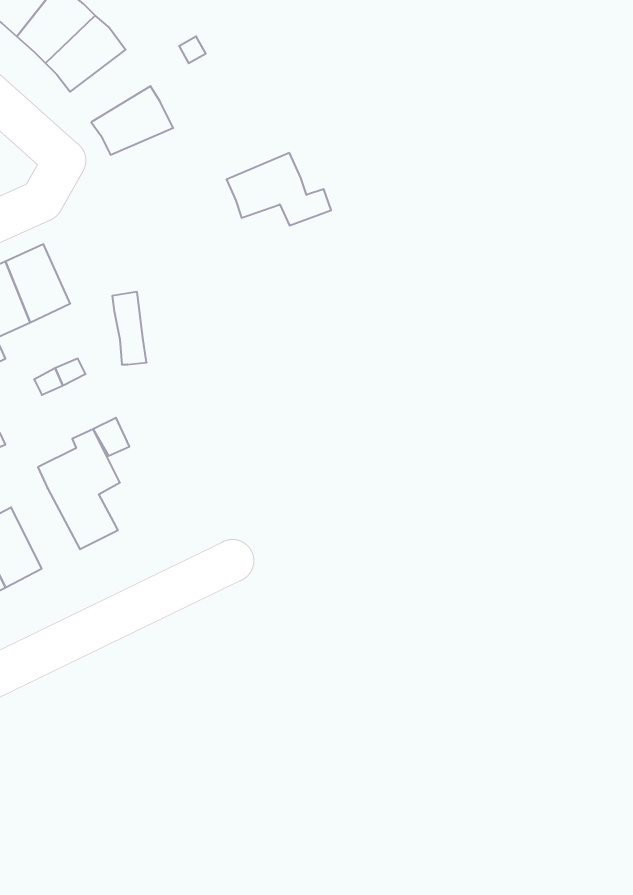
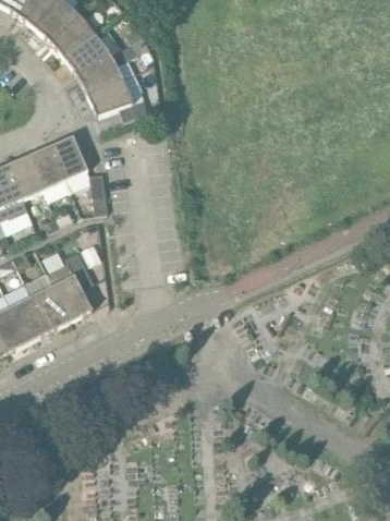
building: none -> [64,33,110,74]
building: [226,153,331,225] -> [87,77,147,119]
building: none -> [49,134,89,191]
building: none -> [31,283,70,329]

